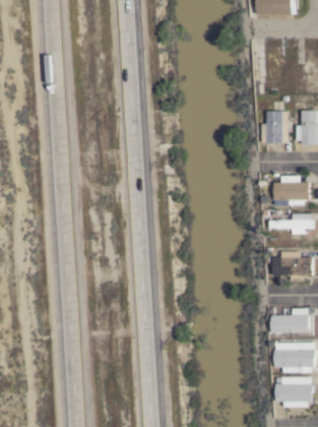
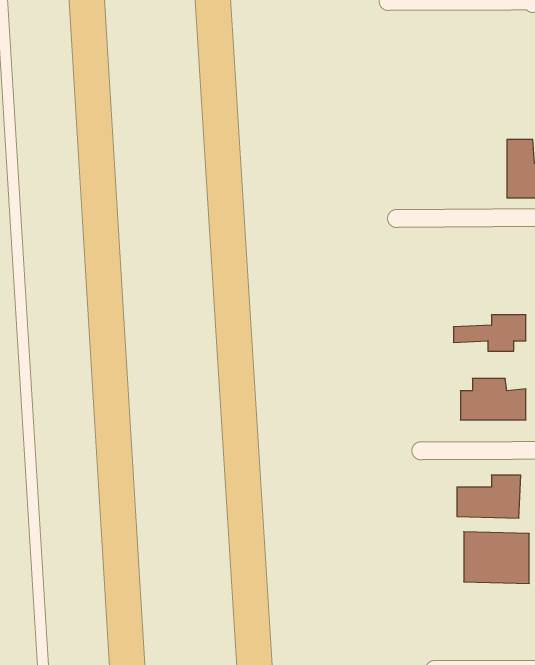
building: [266,111,288,142] -> none
building: [273,175,309,199] -> none
building: [276,376,311,408] -> none

